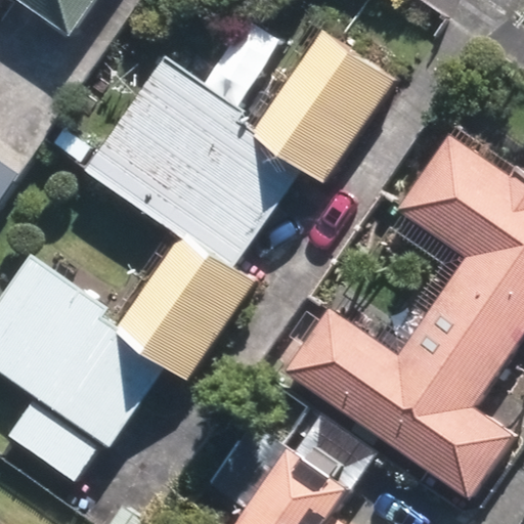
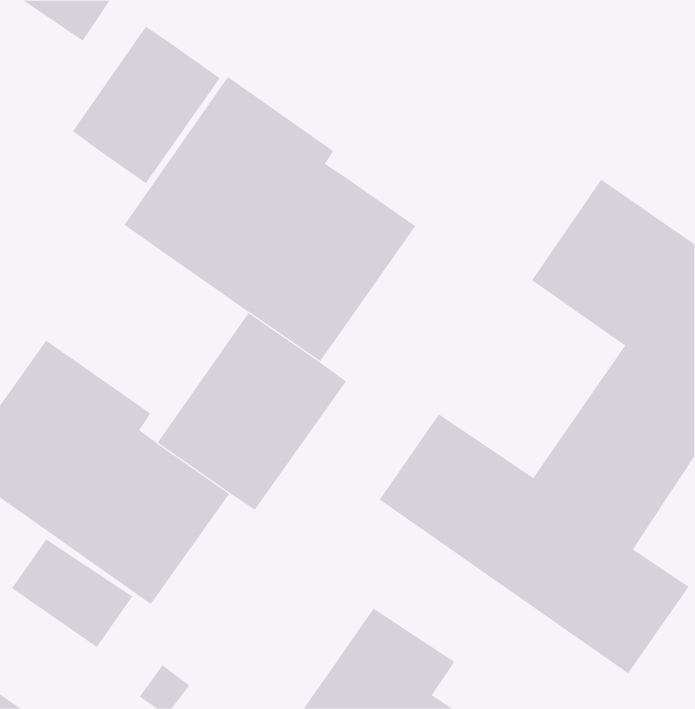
building: none -> [72,26,220,184]
building: [253,28,397,180] -> none

